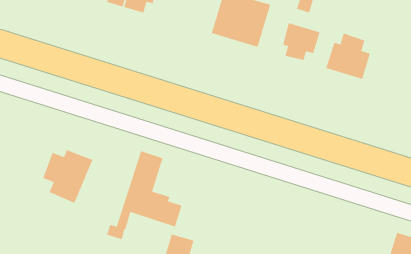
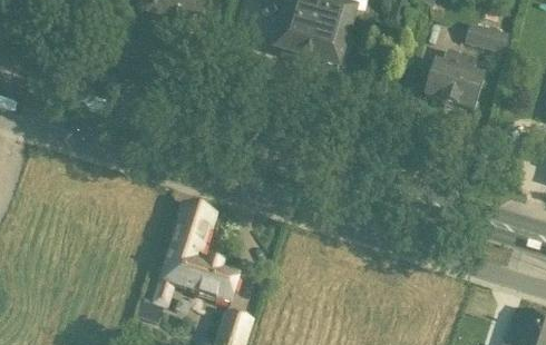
building: none -> [465,21,510,52]
building: [282,22,321,61] -> none
building: [42,149,94,204] -> none

